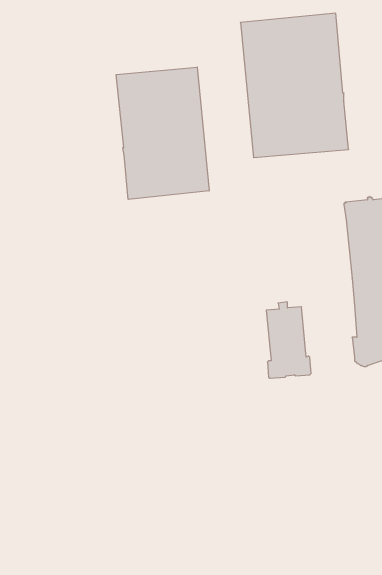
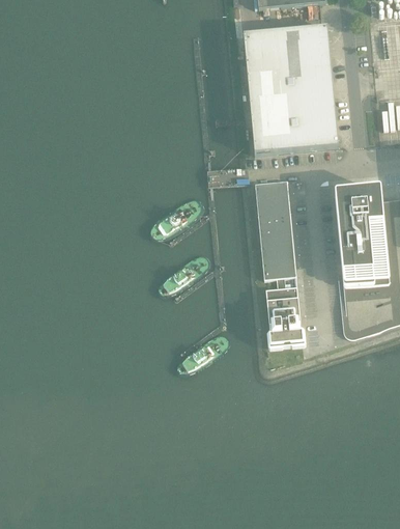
building: [116,67,209,199] -> none
building: none -> [254,176,296,279]

